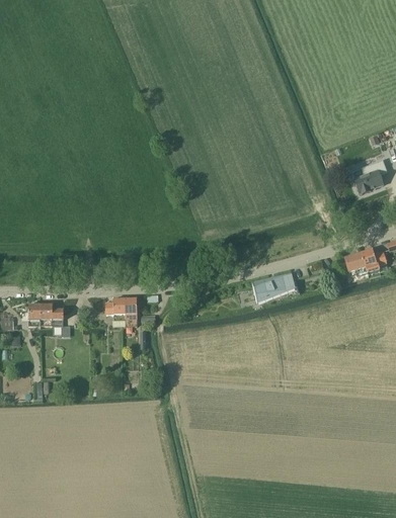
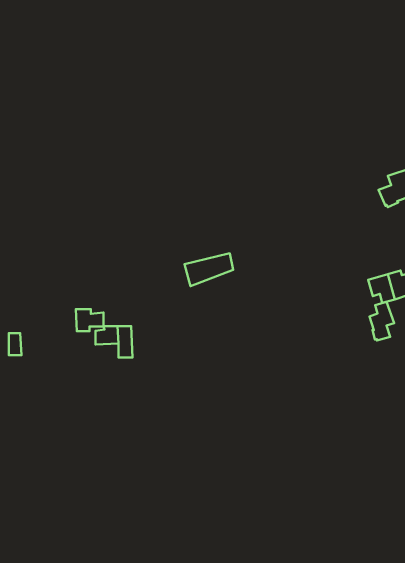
building: [252,274,295,303] -> [185,254,233,286]
building: none -> [370,302,394,341]
building: [39,305,64,324] -> [76,309,103,331]

